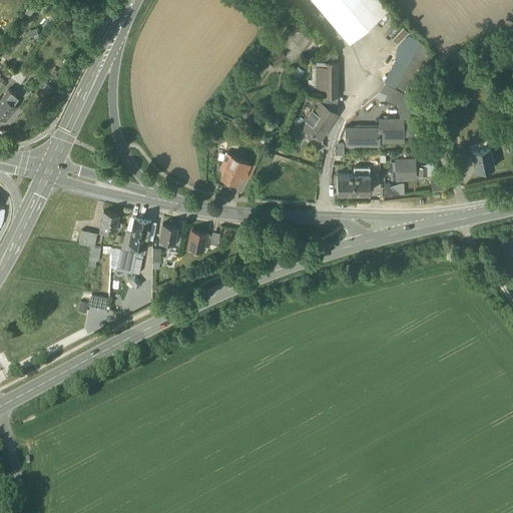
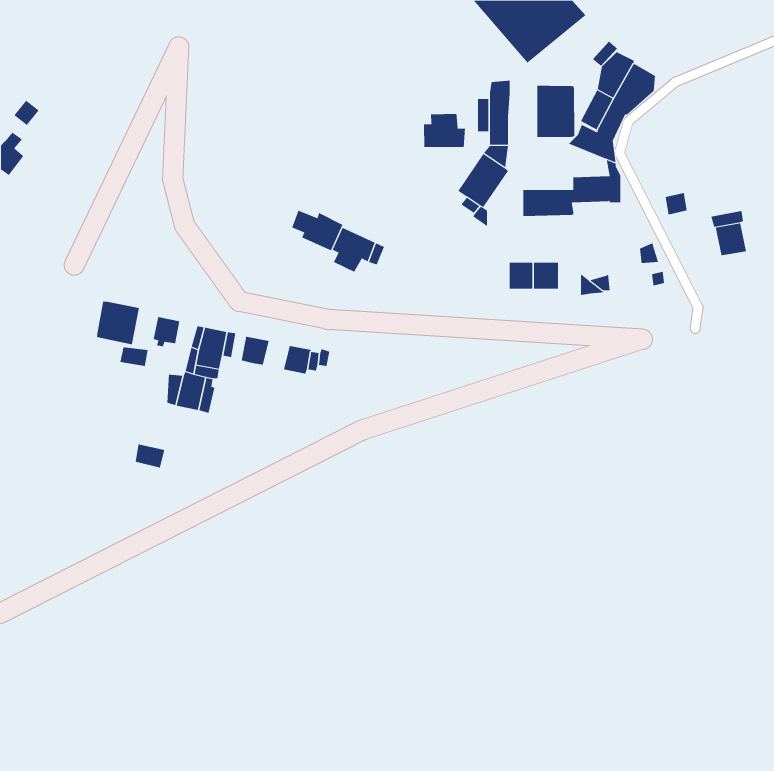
building: none -> [537,85,575,138]
building: none -> [423,113,466,148]
building: none -> [292,210,343,251]
building: [393,160,415,180] -> none
building: none -> [97,301,140,345]

